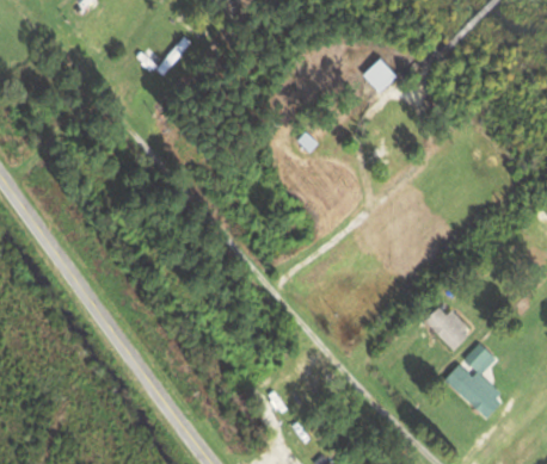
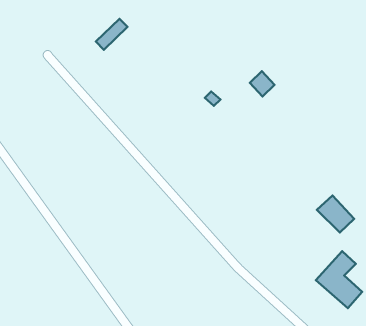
building: [362,58,394,92] -> [250,71,274,97]
building: [423,302,472,351] -> [317,195,354,233]

